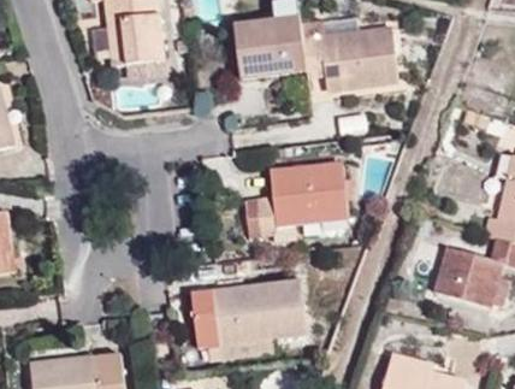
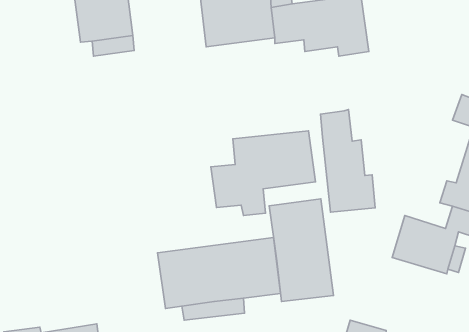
building: none -> [320,110,375,212]
building: none -> [269,199,333,301]

